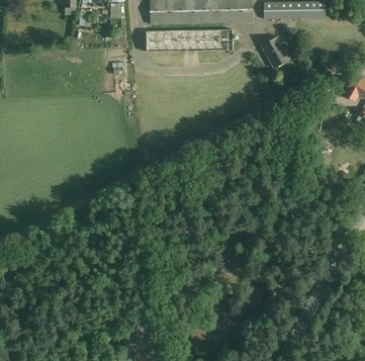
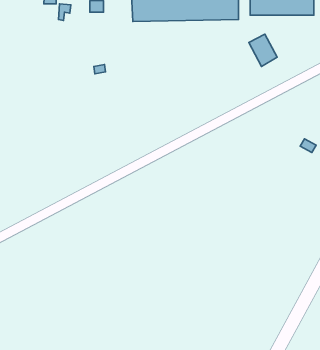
building: [146,29,233,52] -> none

